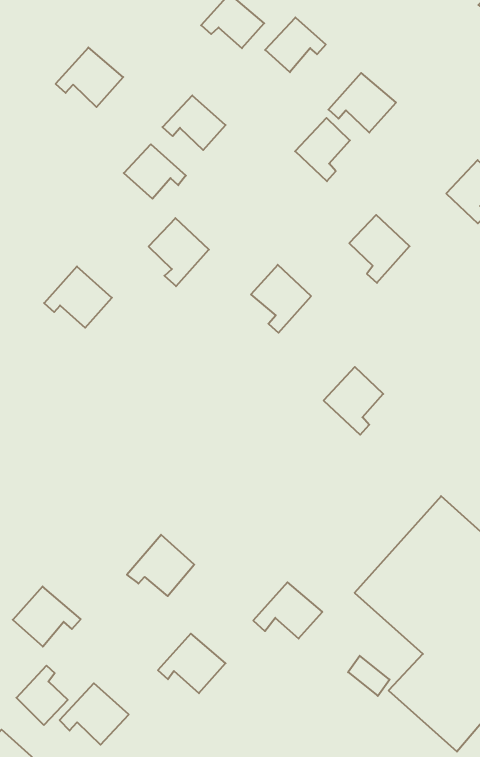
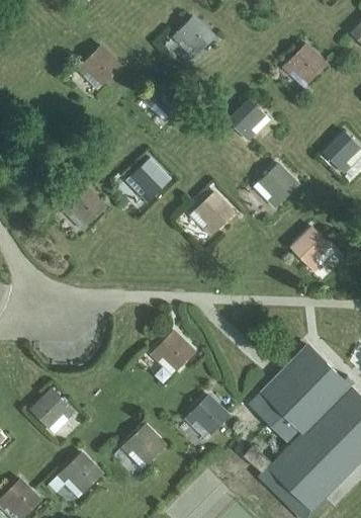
building: [265,17,326,72] -> none
building: [328,73,396,133] -> [282,45,326,83]
building: [124,144,186,199] -> none
building: [324,367,383,435] -> [290,228,329,271]
building: [127,535,194,596] -> [150,331,193,370]
building: [16,666,68,725] -> none

